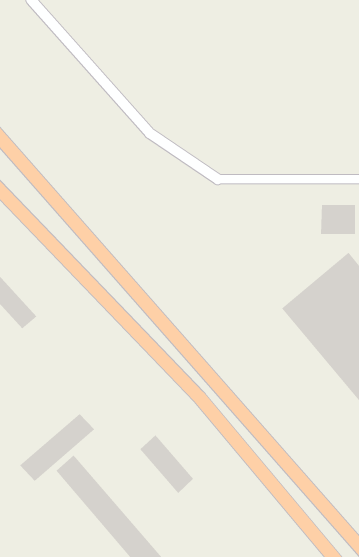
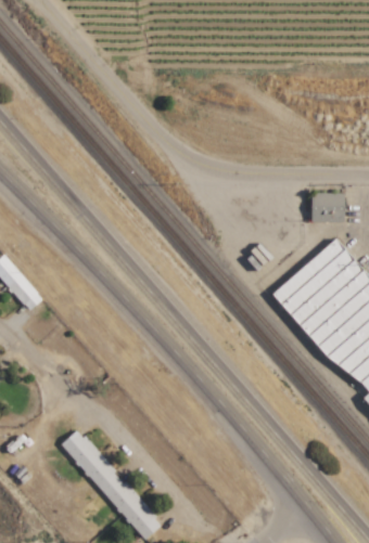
building: [19,413,95,482] -> none
building: [140,434,194,494] -> none

